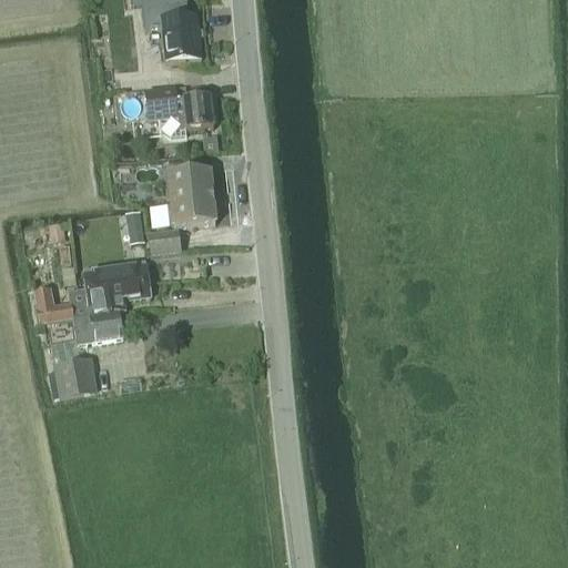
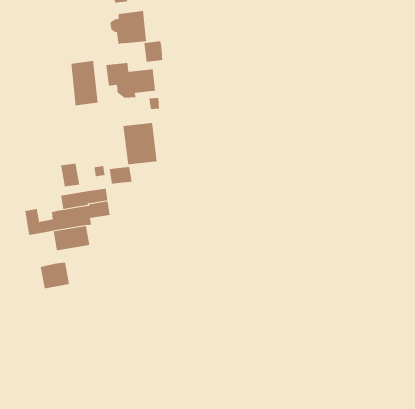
building: none -> [144,40,163,63]
building: none -> [71,60,98,106]
building: none -> [61,163,80,187]

